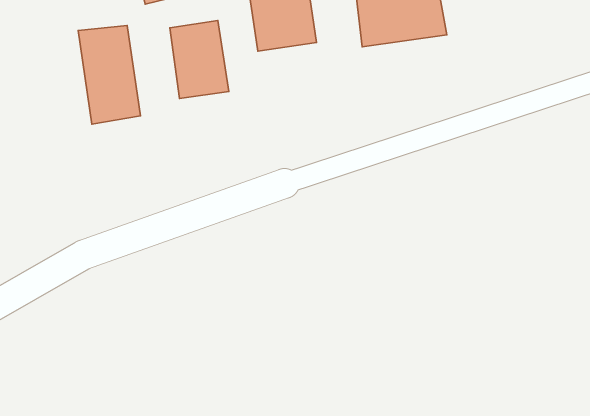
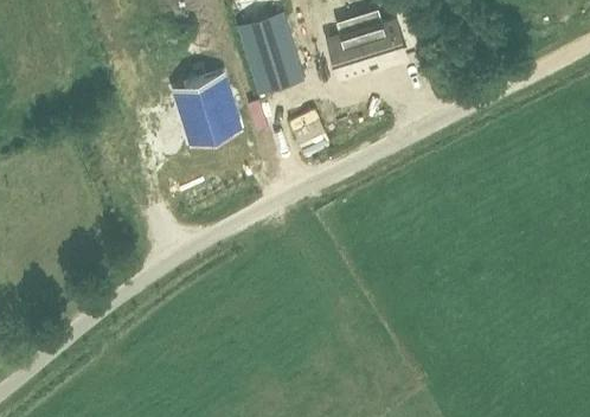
building: [78,26,141,124] -> none

